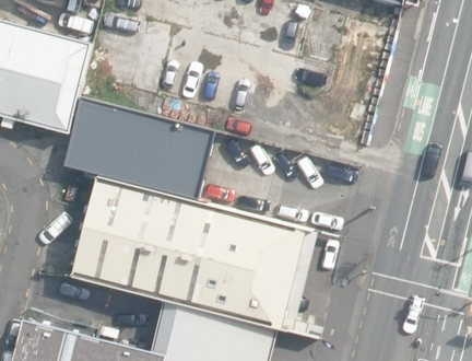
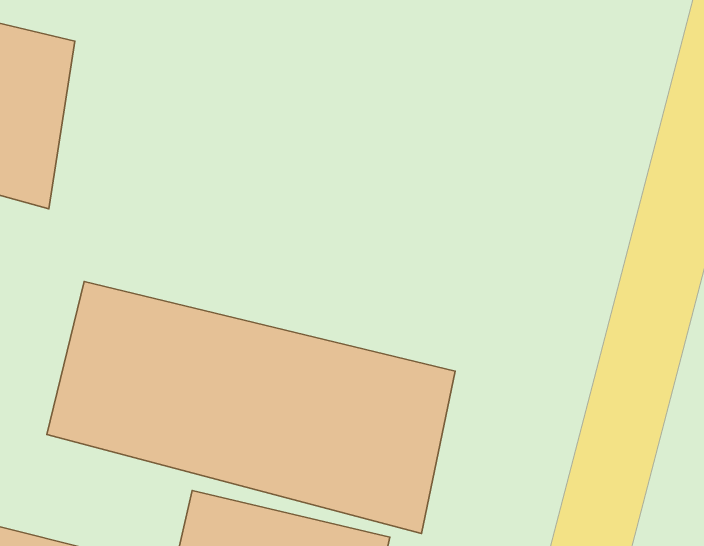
building: [66,101,214,201] -> none

